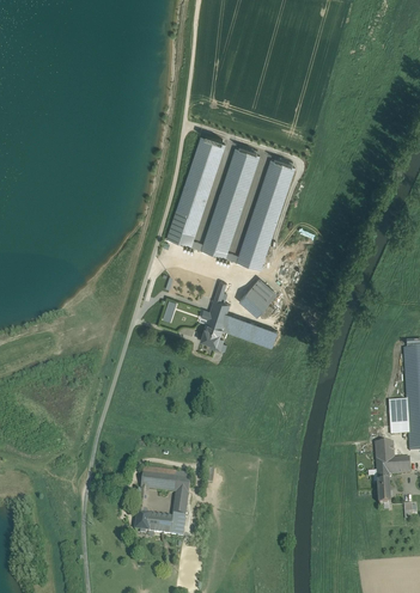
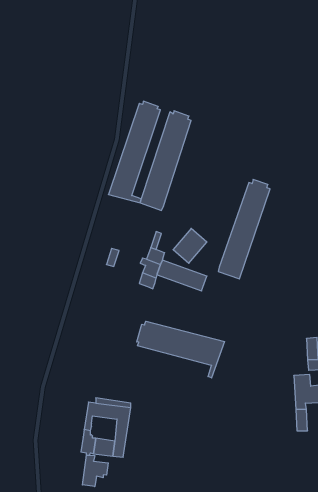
building: [237,155,296,268] -> [218,179,270,279]
building: none -> [137,321,225,378]
building: none -> [82,455,108,487]

